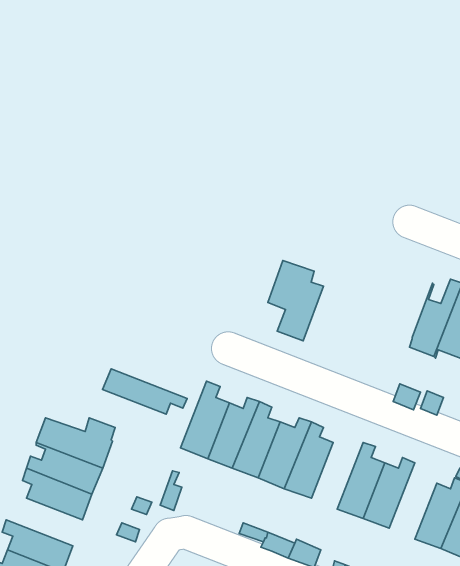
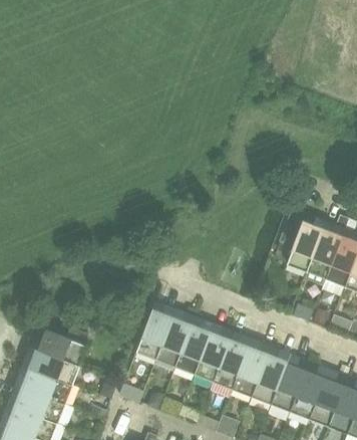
building: [268,260,324,341] -> [281,210,322,269]
building: [102,369,187,414] -> none
building: none -> [233,343,271,396]
building: none -> [290,362,325,418]
building: none -> [8,388,64,423]

